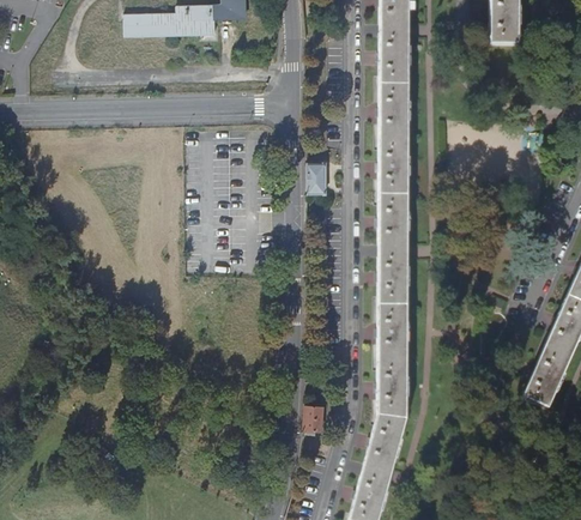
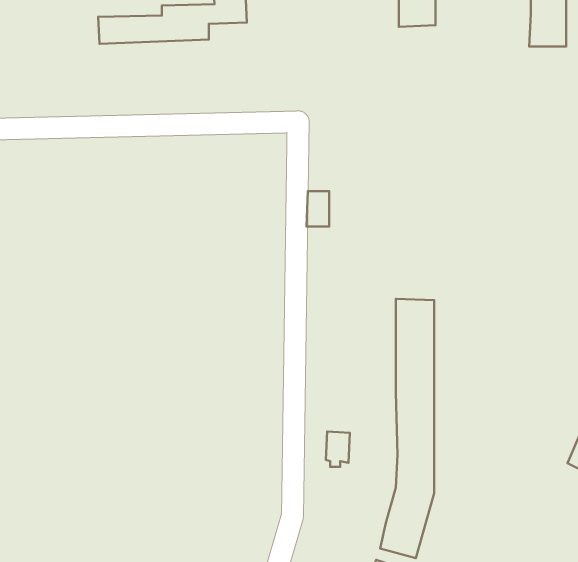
building: [377,34,410,246] -> none
building: [303,405,323,435] -> [326,432,350,467]

